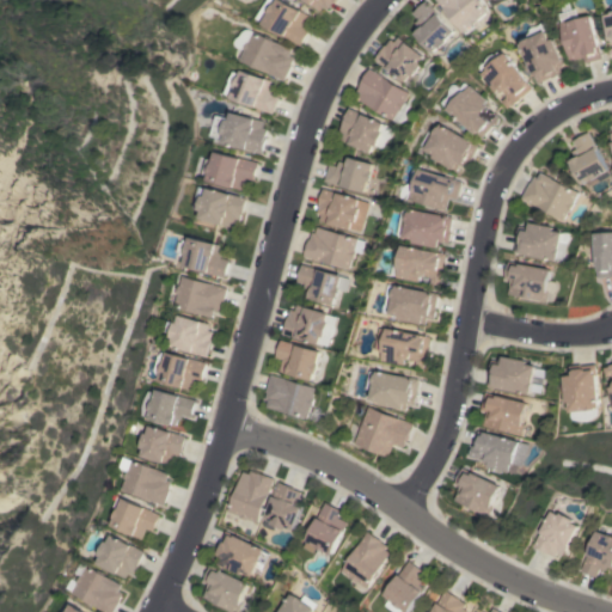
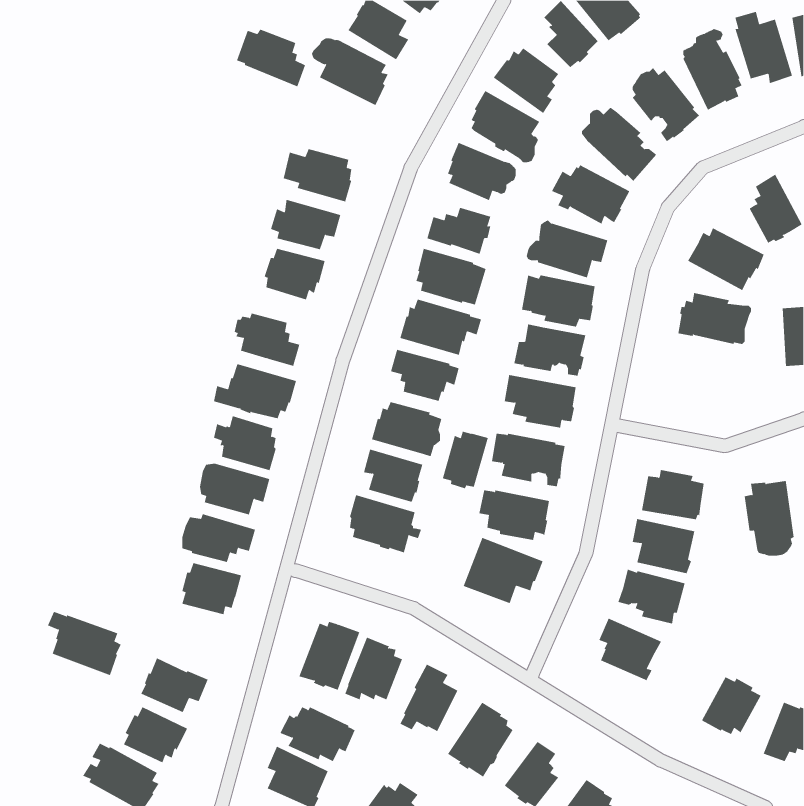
building: [226,71,279,115] -> [236,29,306,87]
building: [502,262,556,302] -> none
building: none -> [442,431,489,489]
building: [114,458,170,507] -> [47,611,121,676]

